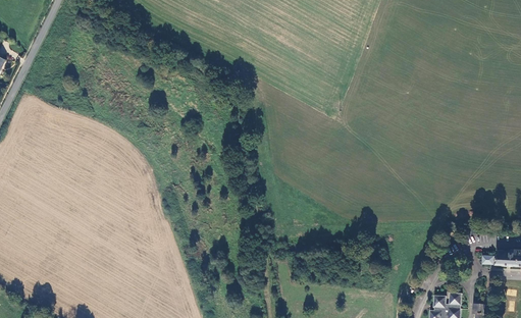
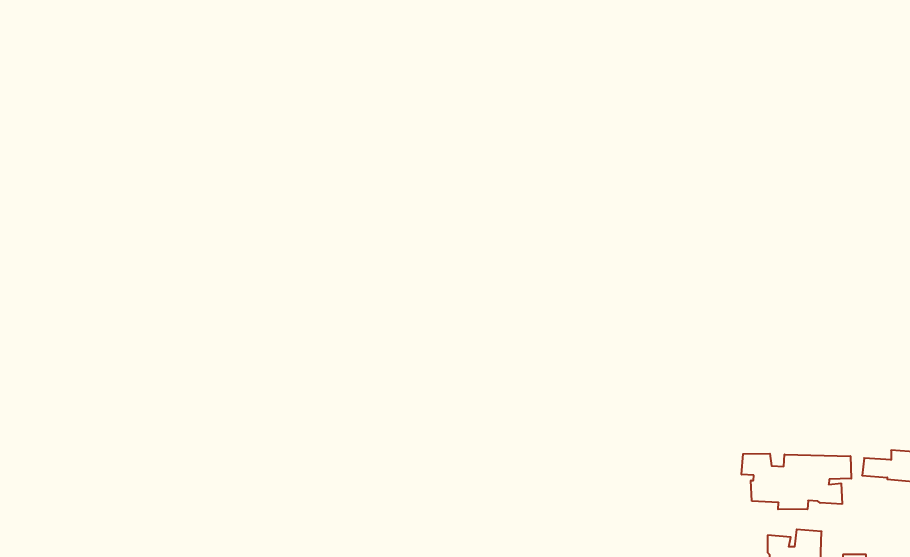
building: none -> [742,454,851,509]

